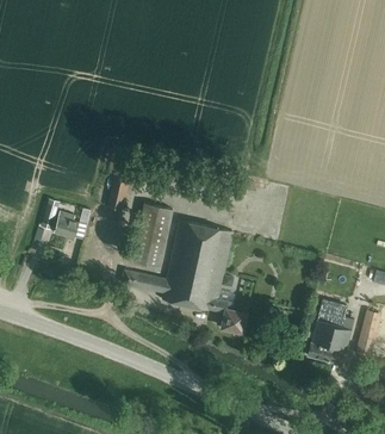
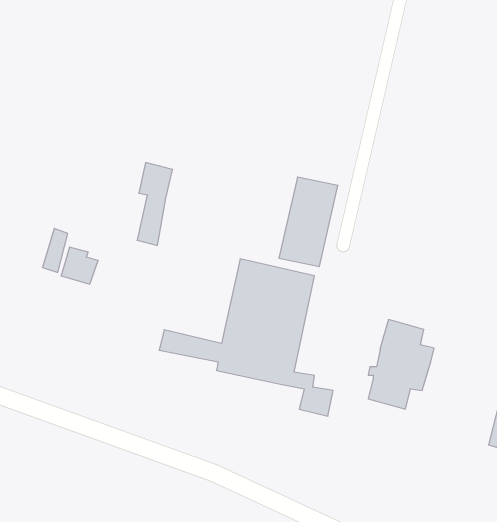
building: [132,204,174,267] -> [279,177,338,267]
building: [309,299,355,362] -> [368,320,434,409]

